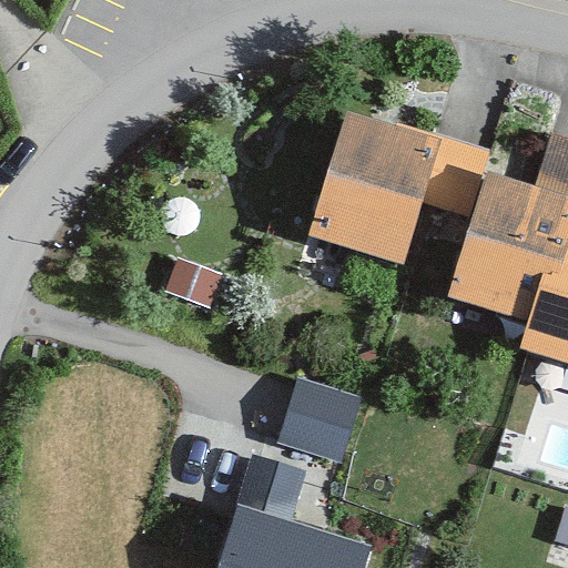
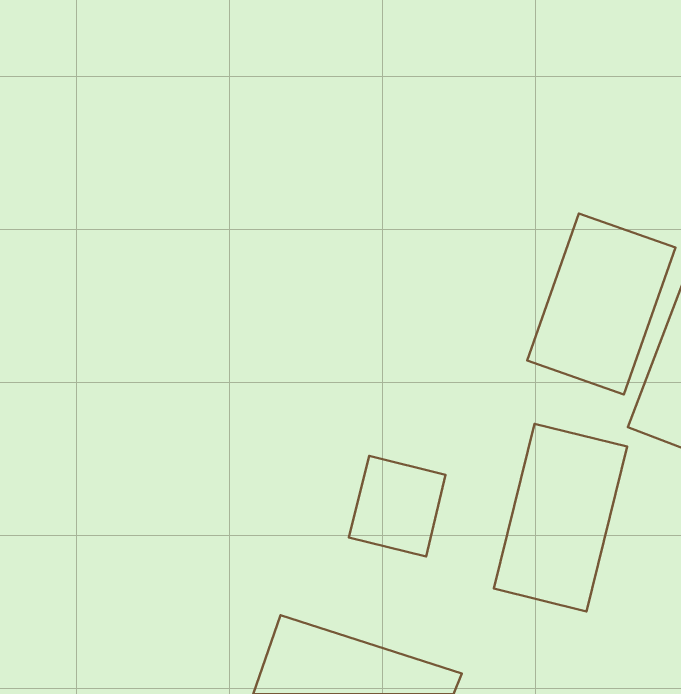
building: [304,115,439,274] -> none
building: none -> [494,424,627,611]

